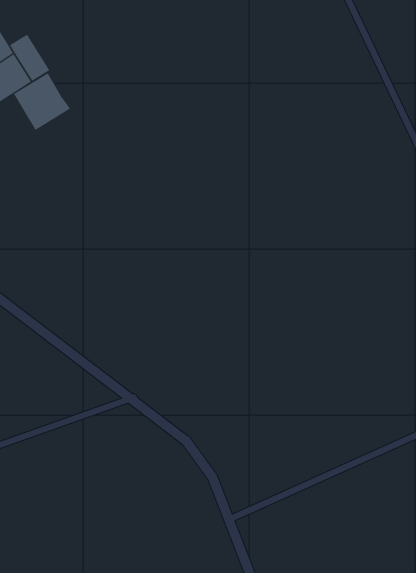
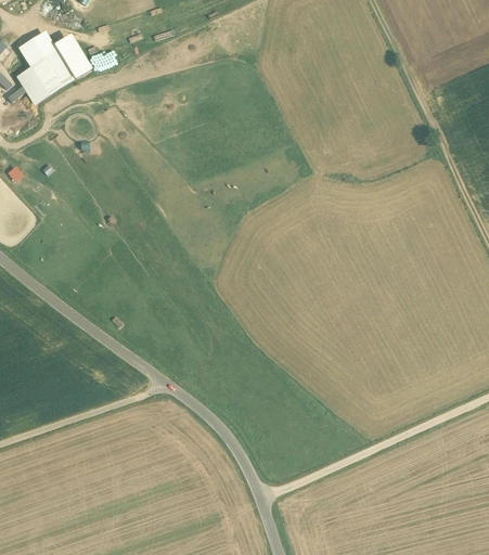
building: [13,72,71,131] -> none

